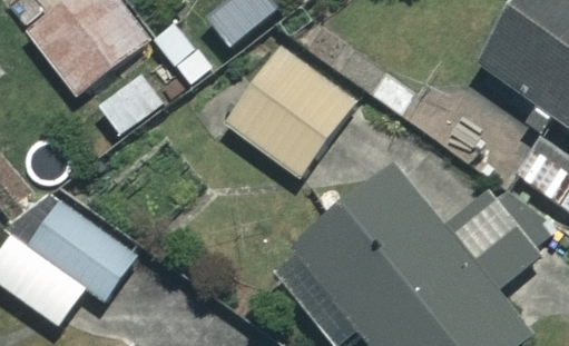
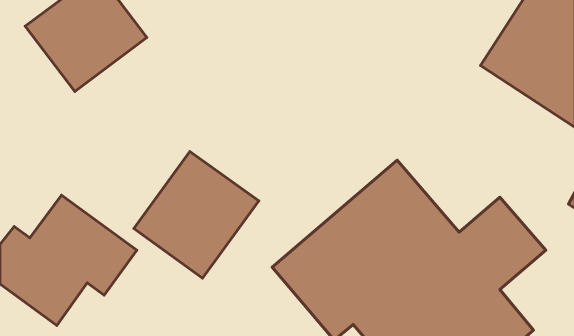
building: [225,48,352,176] -> none
building: none -> [134,151,259,278]

